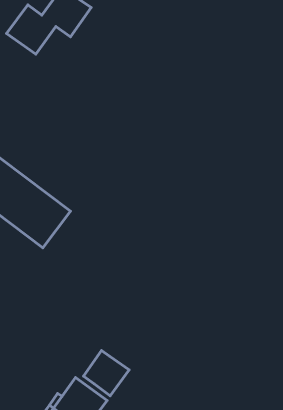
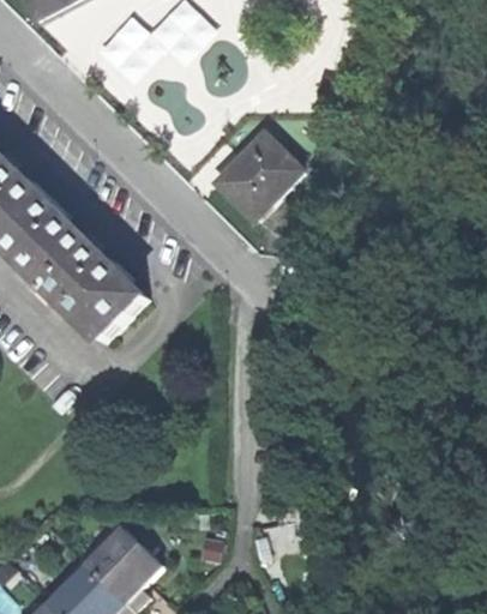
building: none -> [216,134,300,218]
building: [83,350,129,396] -> none

